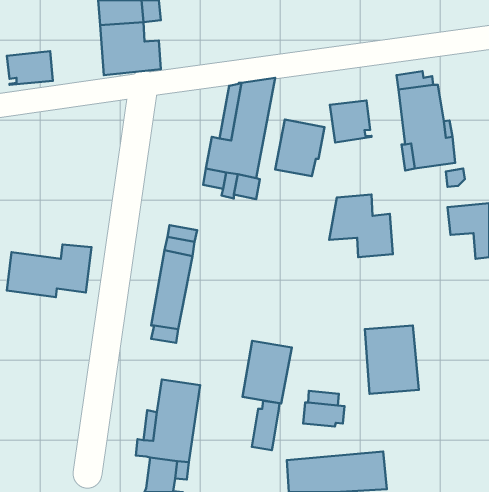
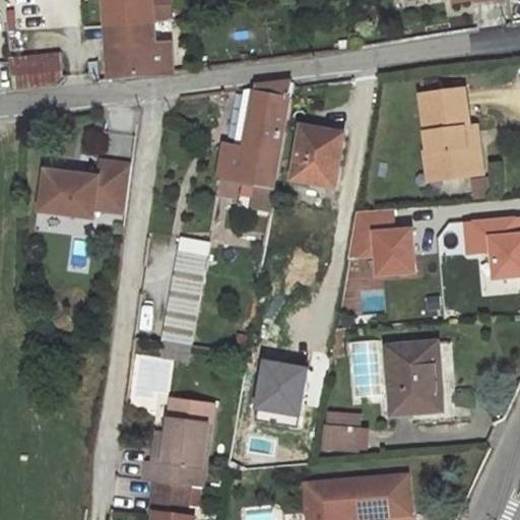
building: [330,101,372,142] -> none
building: [7,244,92,297] -> [40,162,129,218]
building: [252,401,280,450] -> none

